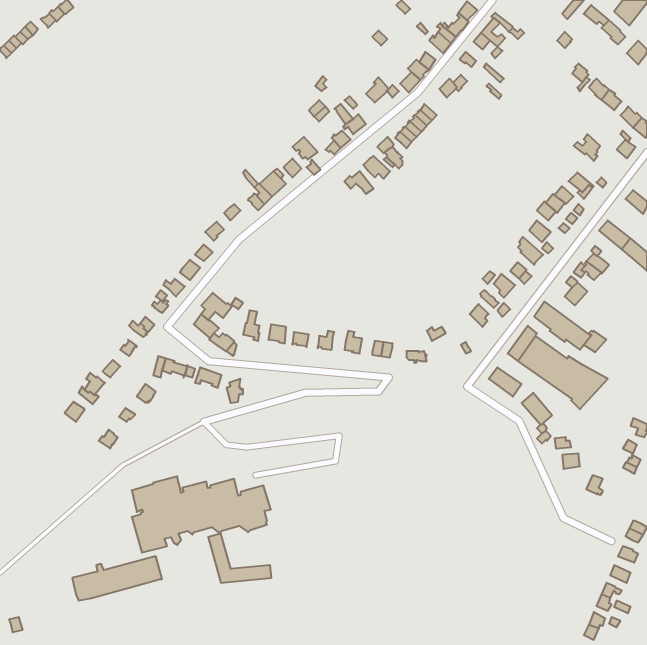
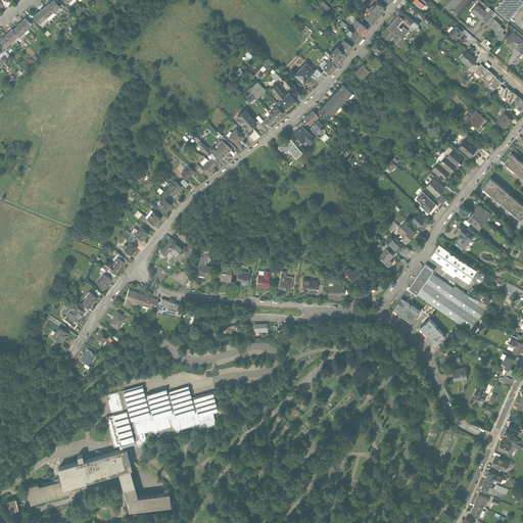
building: [208,533,271,583] -> [118,469,170,509]
building: none -> [27,481,76,503]

